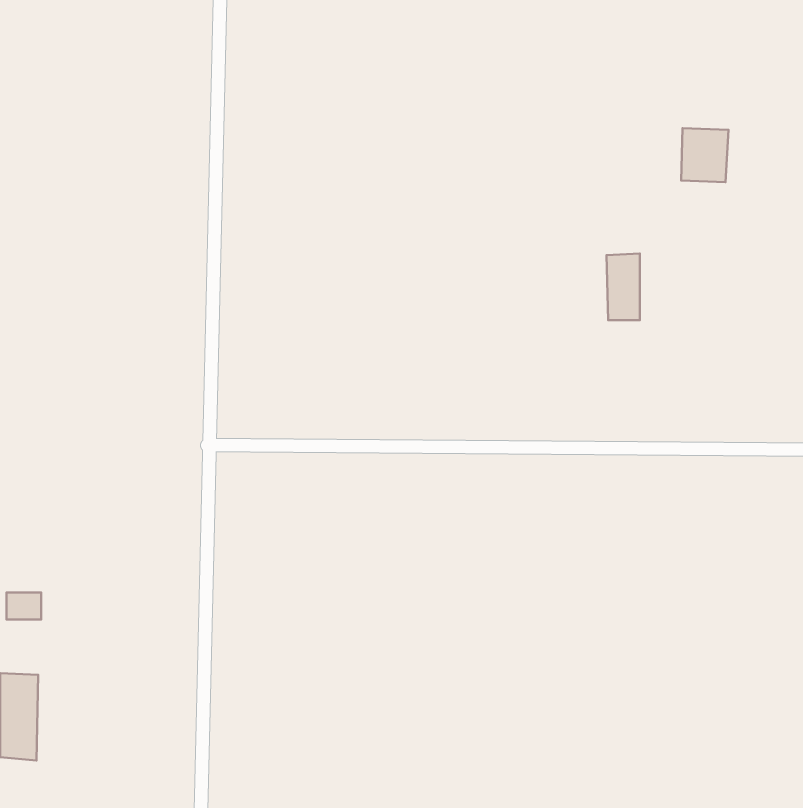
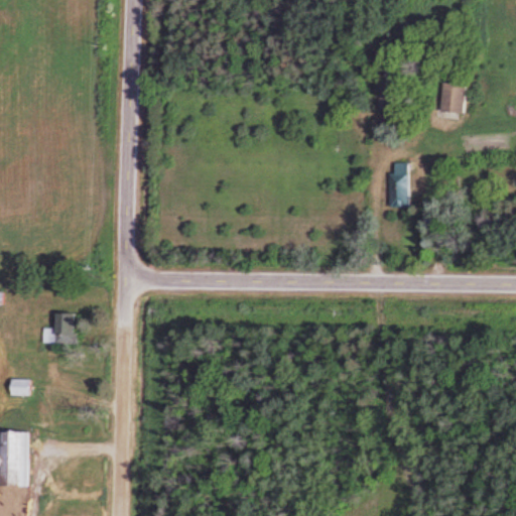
building: none -> [42,312,69,346]

